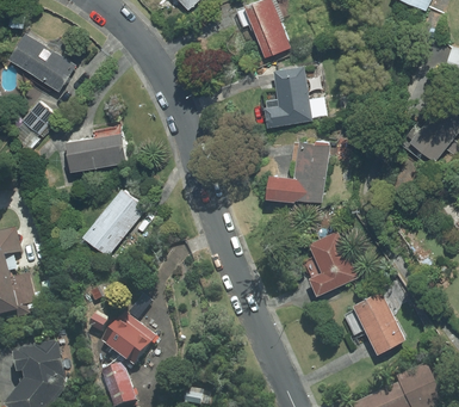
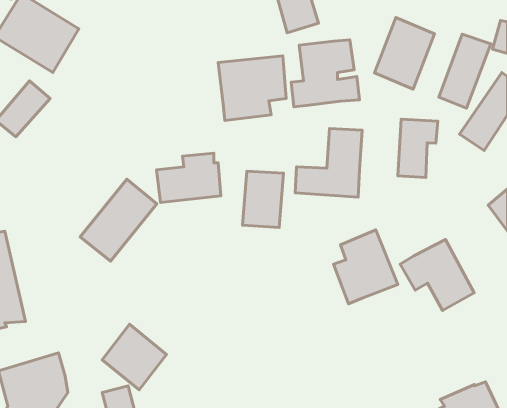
building: none -> [375,17,434,89]
building: none -> [218,56,286,121]
building: [67,127,123,169] -> [156,153,221,203]
building: none -> [398,119,438,178]
building: none -> [243,171,284,227]
building: [340,290,404,352] -> [400,239,474,311]

